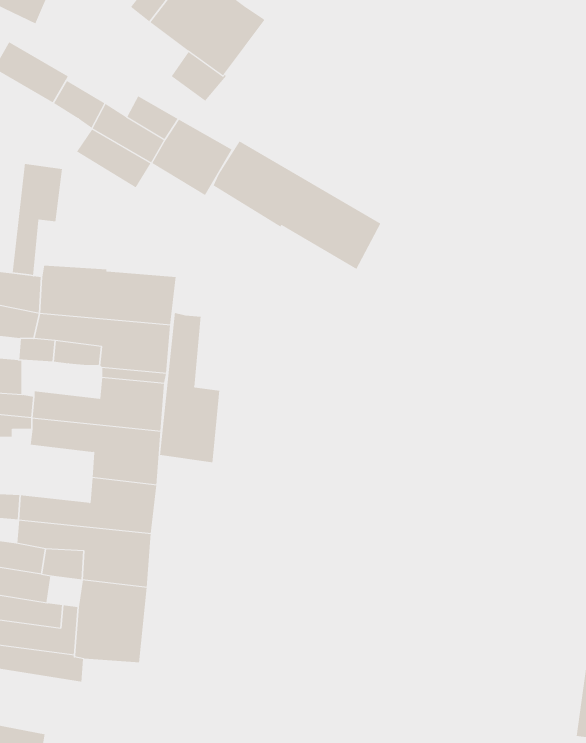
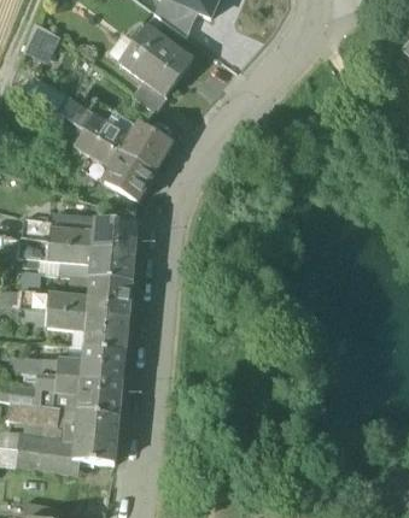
building: [213,141,381,270] -> none
building: none -> [105,151,156,199]
building: [12,163,63,276] -> none
building: [159,312,220,463] -> none

